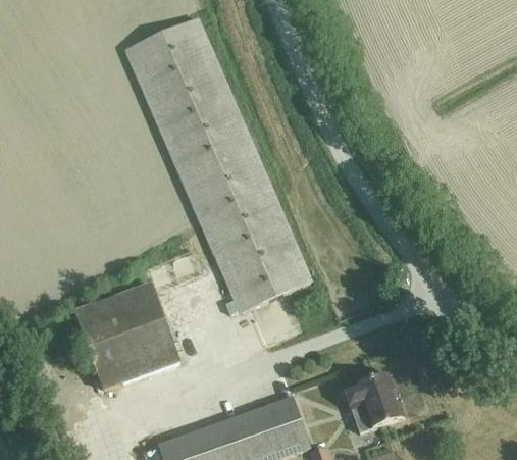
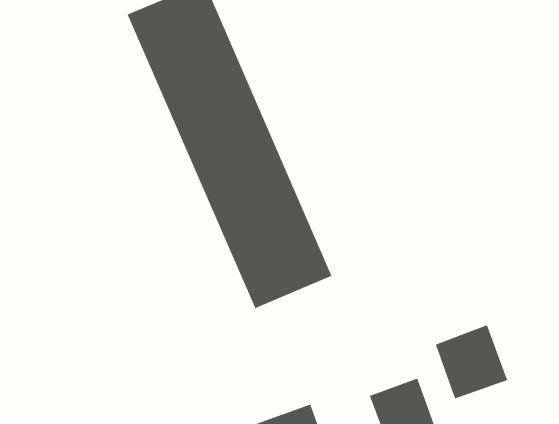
building: [74,285,180,390] -> none
building: none -> [435,324,508,399]

